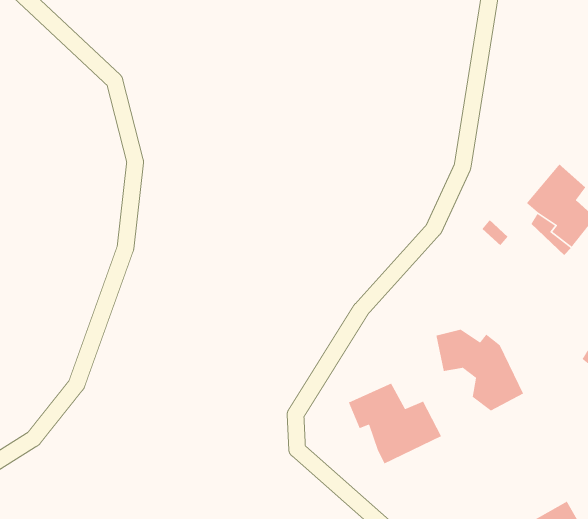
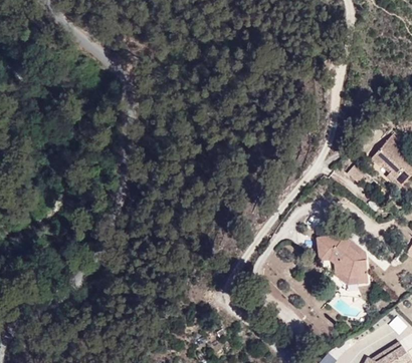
building: [348,383,442,465] -> none

